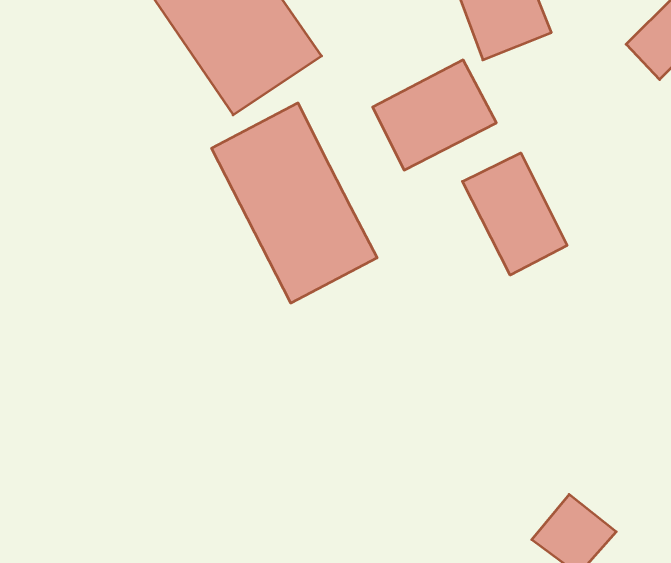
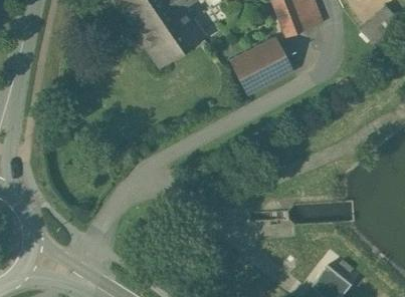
building: [212,103,377,303] -> none
building: [462,153,567,275] -> none

